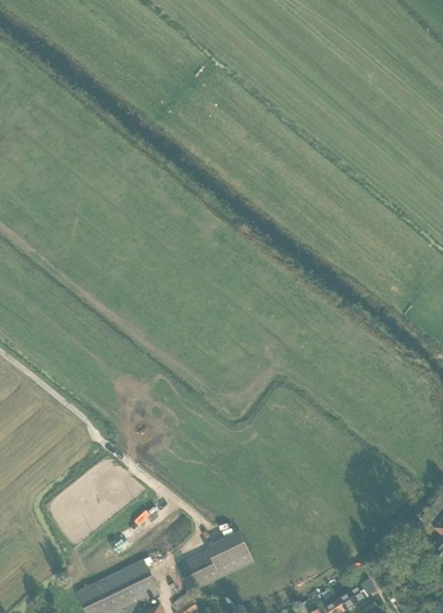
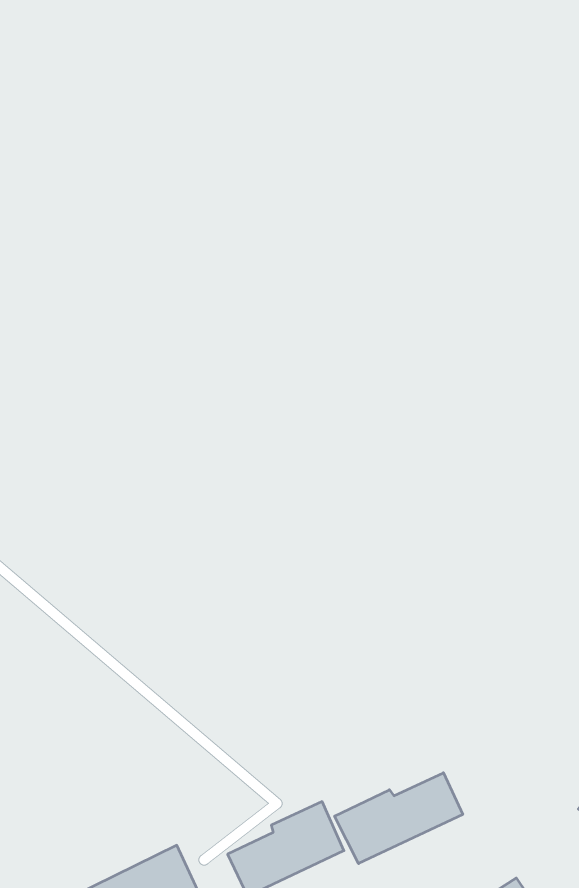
building: none -> [335,773,463,864]

